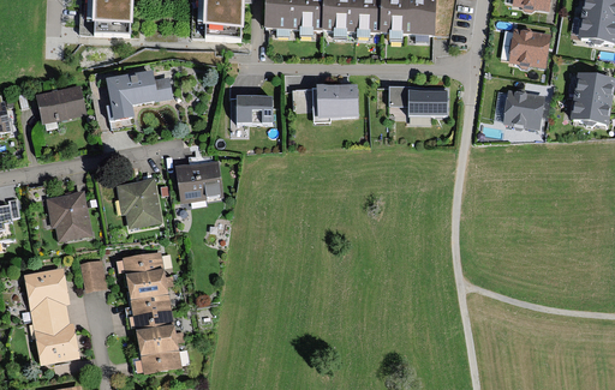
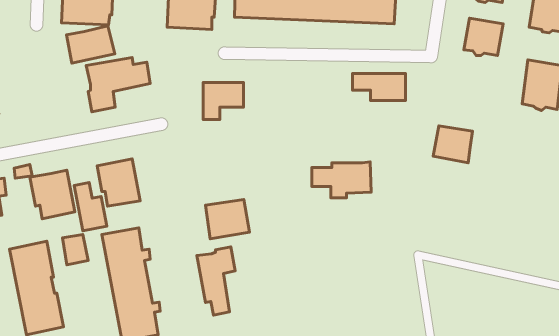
building: [35,83,86,122] -> [66,26,115,63]
building: [293,83,357,121] -> [312,162,371,198]
building: [502,89,544,128] -> [433,126,473,163]
building: [175,160,222,202] -> [206,199,249,239]
building: none -> [74,183,107,231]
building: none -> [197,247,235,315]

